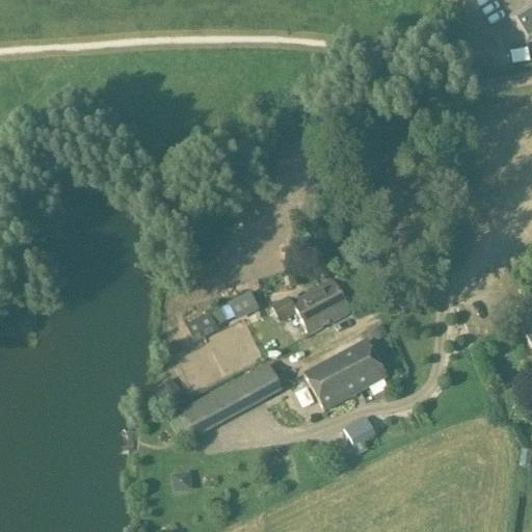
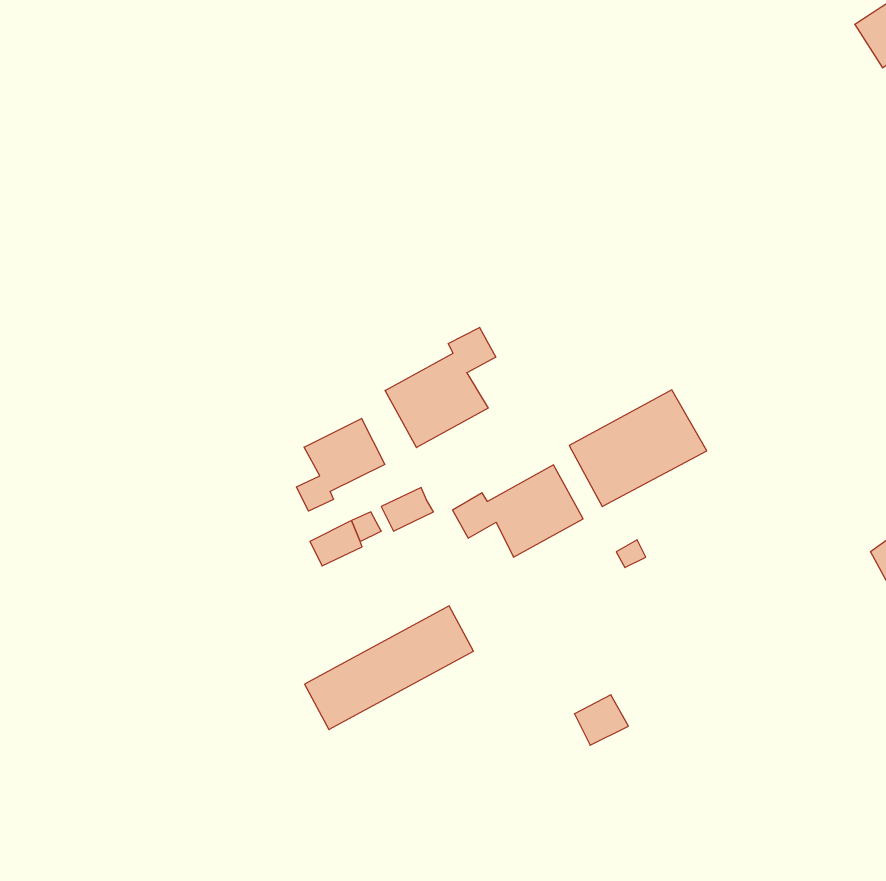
building: none -> [385,327,496,448]
building: none -> [297,418,385,511]
building: [304,339,387,408] -> [569,390,707,507]

